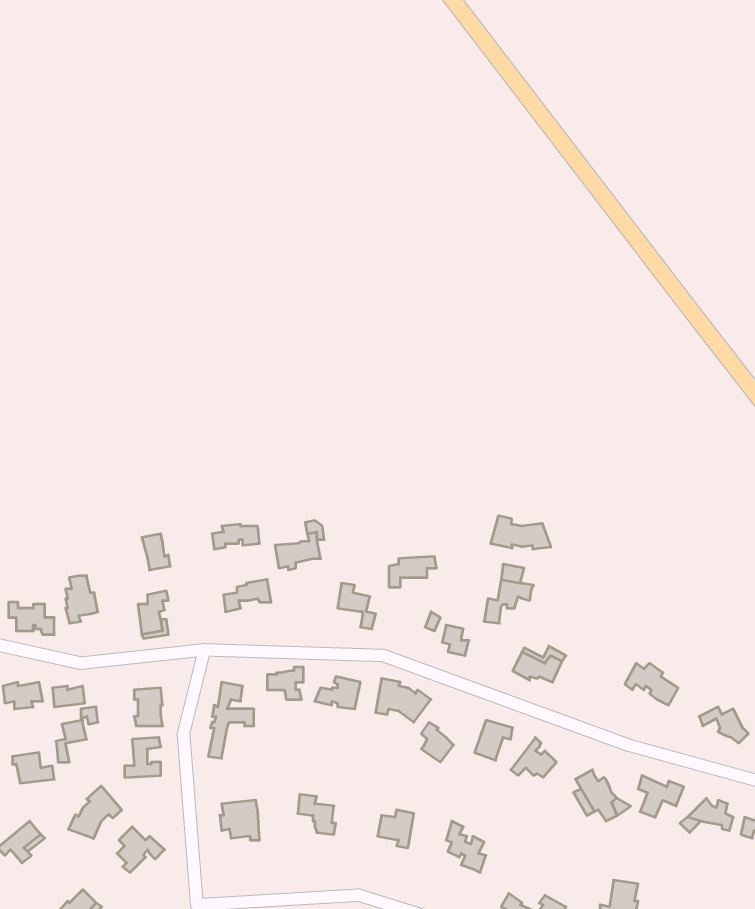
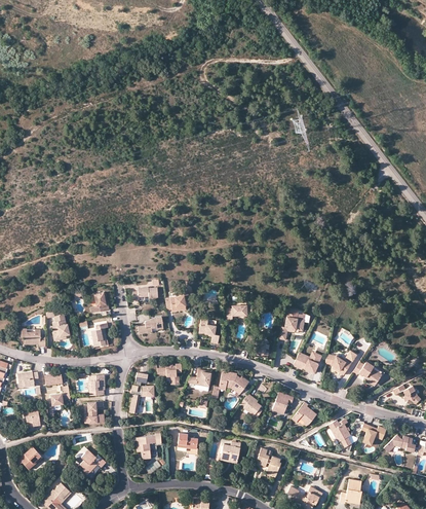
building: [491,516,551,549] -> none
building: none -> [326,353,357,376]
building: [68,786,122,839] -> none

